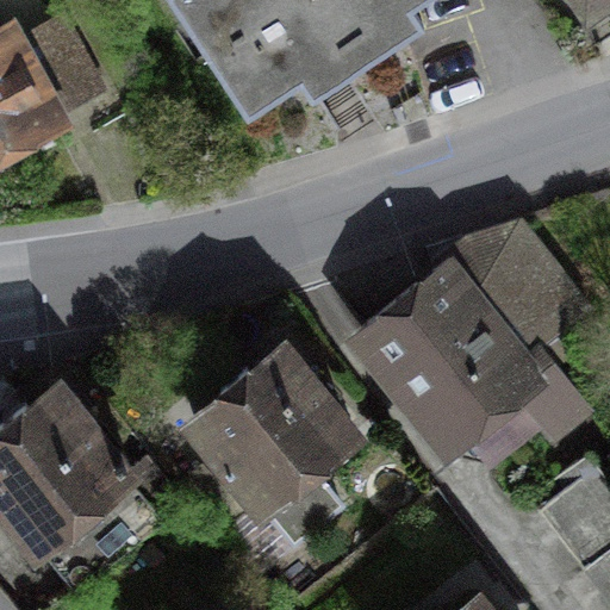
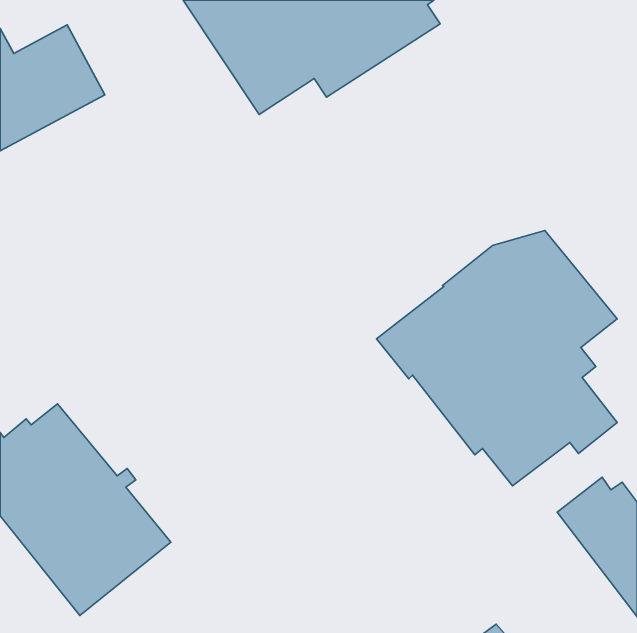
building: [193,349,349,506] -> none

